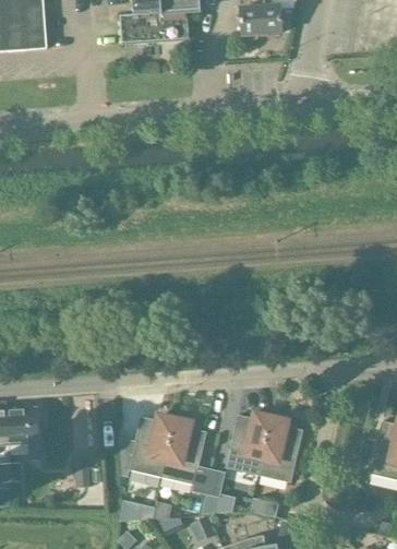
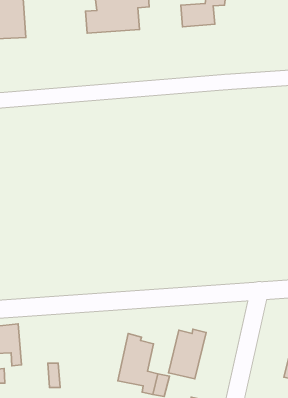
building: [119,415,176,477] -> none
building: [258,417,304,482] -> none

